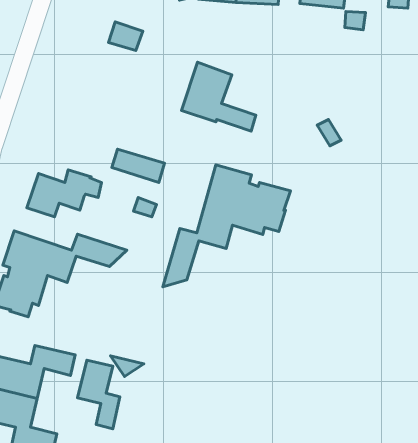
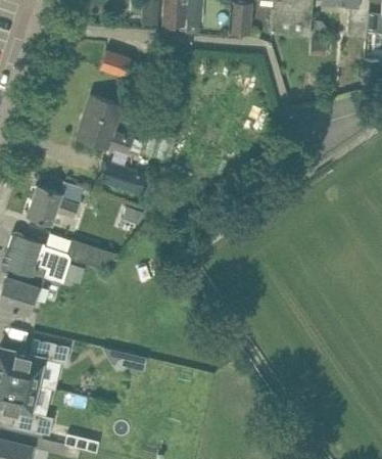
building: [181,62,256,131] -> [78,95,144,156]
building: [163,165,290,287] -> none
building: [78,360,120,429] -> none

